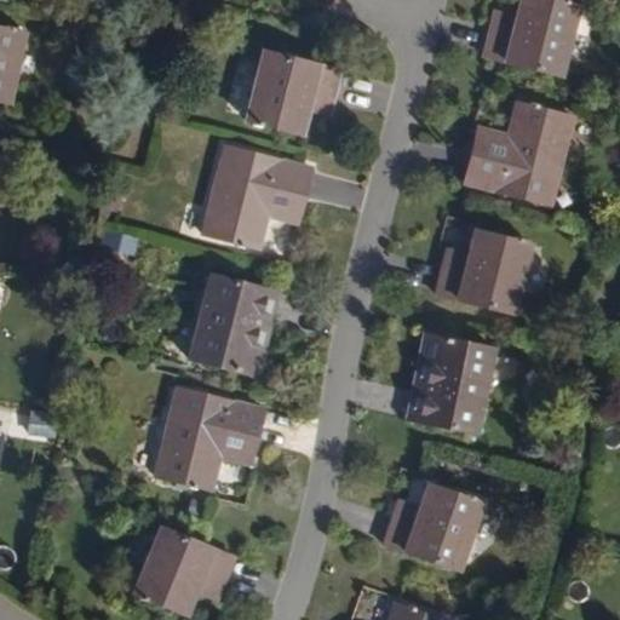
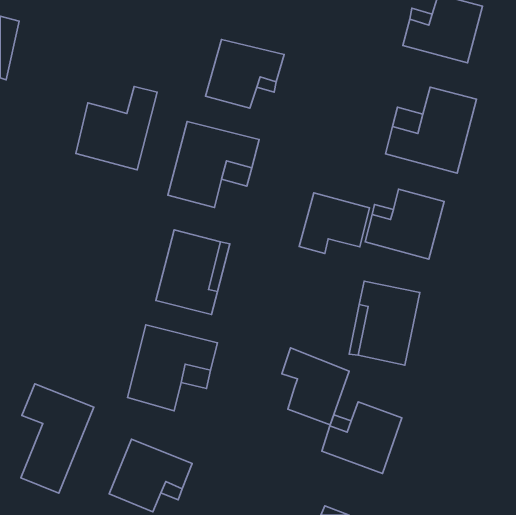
building: none -> [76,86,157,170]
building: none -> [299,193,370,254]
building: none -> [282,348,349,425]
building: none -> [21,384,94,493]

